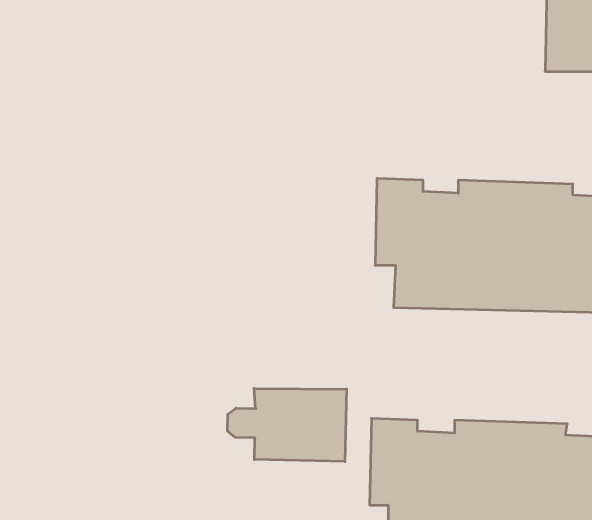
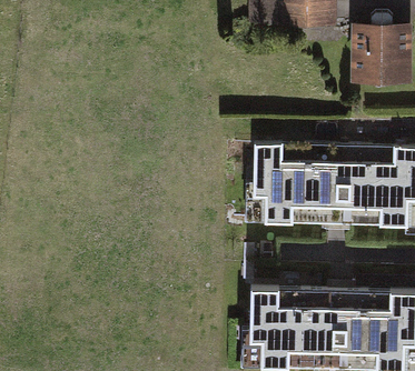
building: [227,388,347,462] -> none

